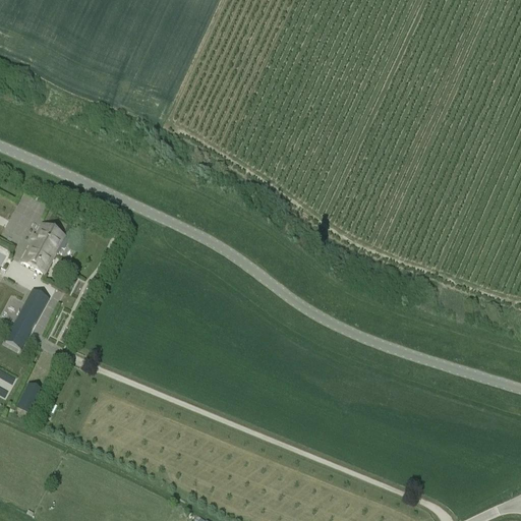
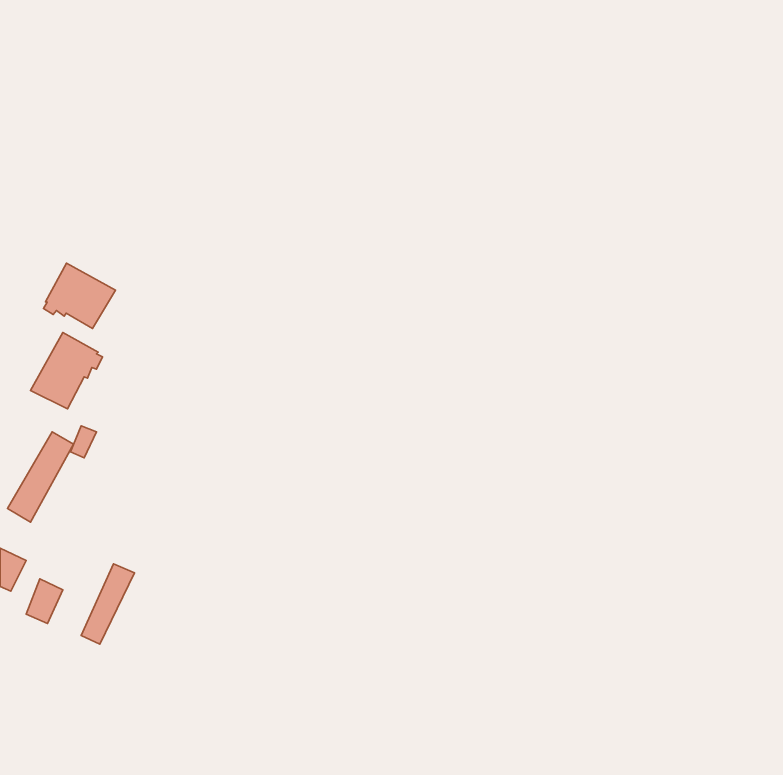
building: none -> [43,263,115,329]
building: none -> [81,564,134,644]

